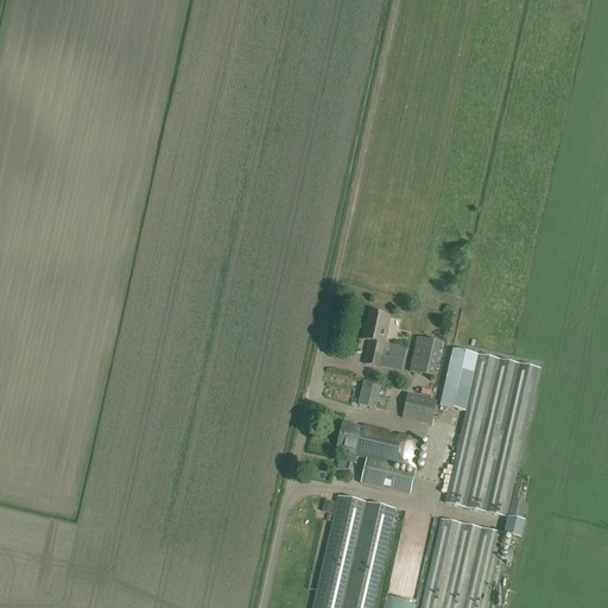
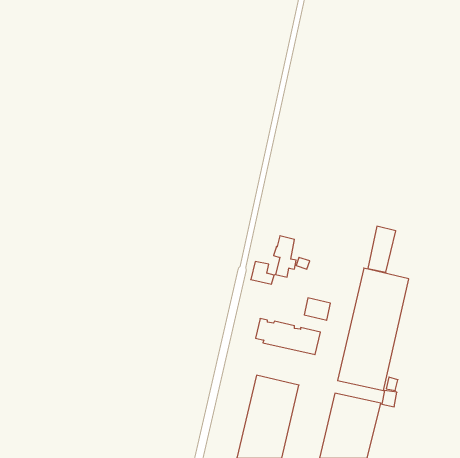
building: [410,336,442,376] -> none
building: [441,348,477,408] -> [368,226,396,272]
building: [357,380,388,410] -> [251,262,274,284]
building: [362,458,414,493] -> none

